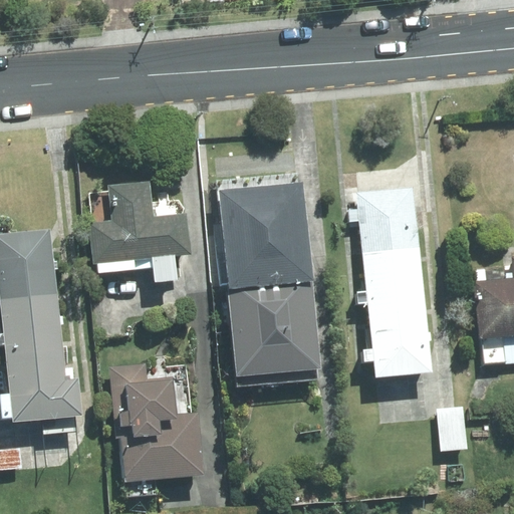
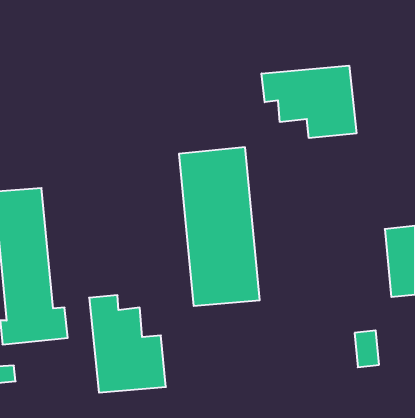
building: none -> [262,66,356,138]
building: [93,181,190,282] -> none
building: [354,188,432,376] -> none

